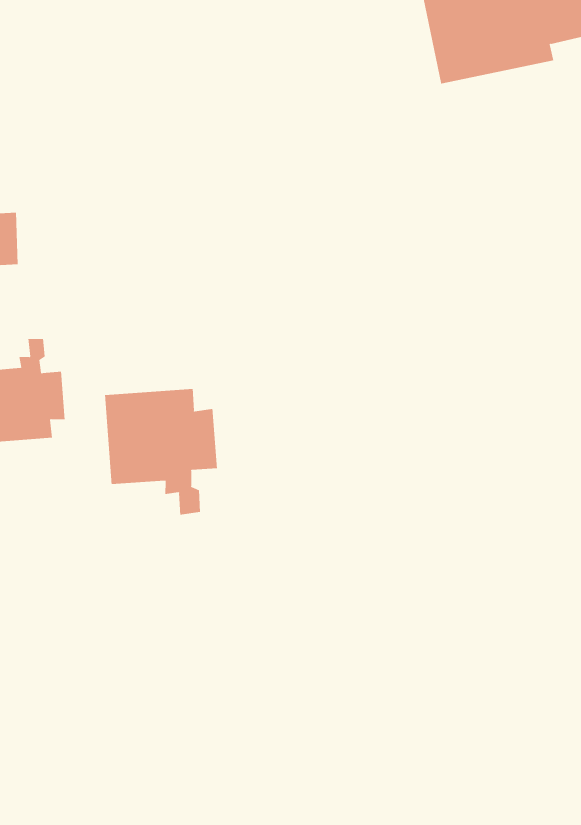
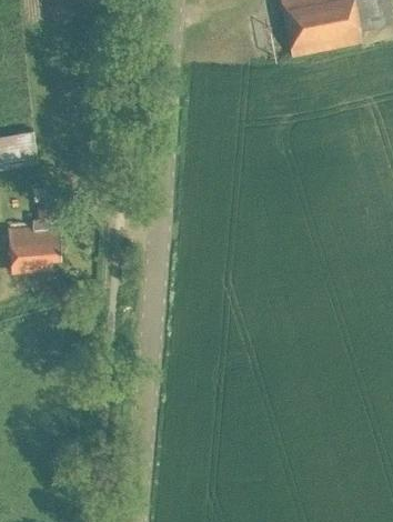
building: [105,388,217,516] -> none

